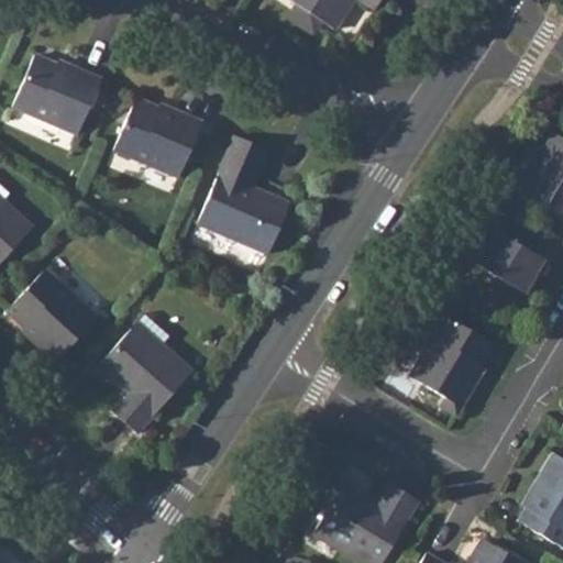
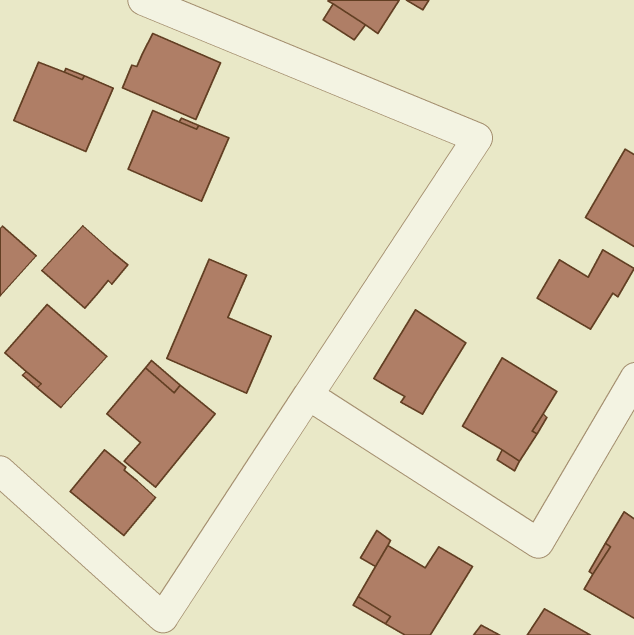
building: none -> [122,33,220,119]
building: [198,135,290,254] -> [167,259,271,393]
building: none -> [42,226,128,308]
building: none -> [374,310,466,414]
building: none -> [70,450,156,536]

